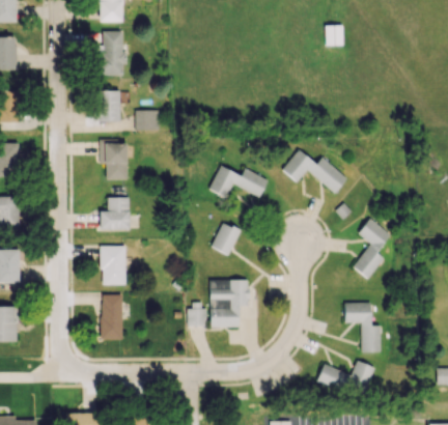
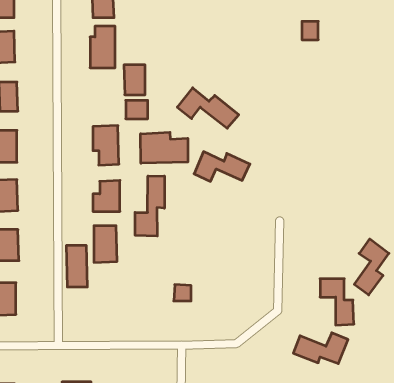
building: [97,90,120,122] -> [124,65,145,95]
building: none -> [141,132,188,163]
building: [282,149,348,193] -> [177,88,239,128]
building: none -> [135,176,164,236]
building: [354,219,391,279] -> [354,239,389,295]
building: [212,222,242,256] -> none
building: [211,280,249,328] -> none
building: [101,294,123,339] -> [66,246,87,287]

